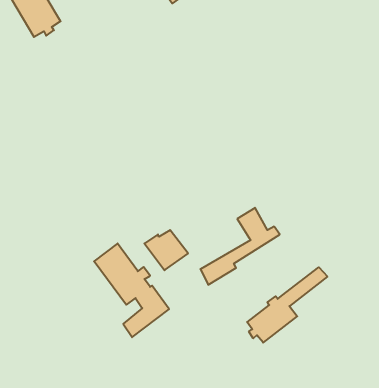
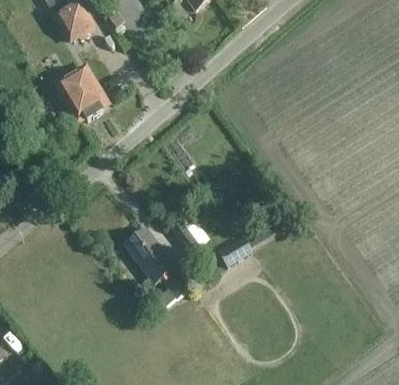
building: none -> [55,65,108,121]
building: [247,267,327,343] -> none

